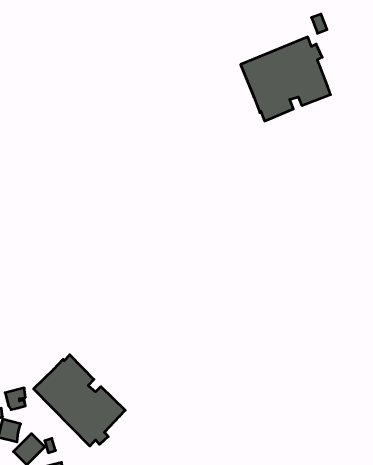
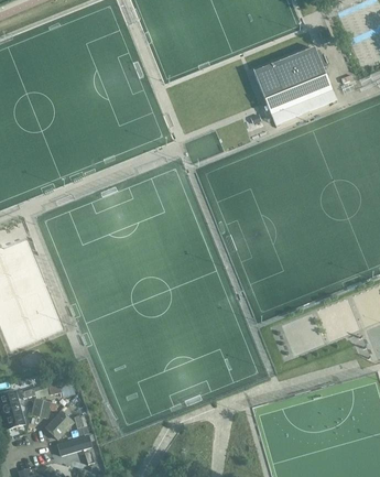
building: [34,355,125,446] -> none

